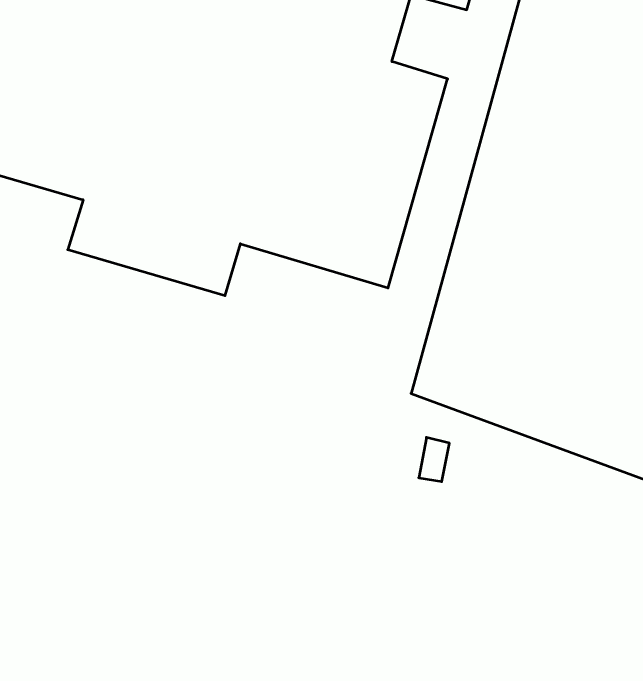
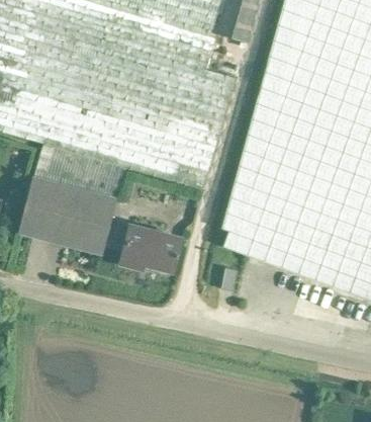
building: none -> [19,177,182,271]

